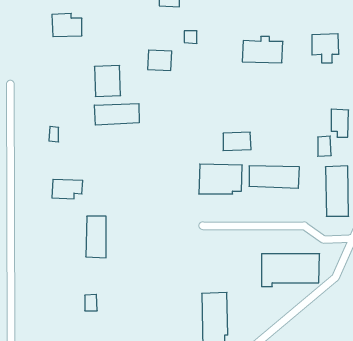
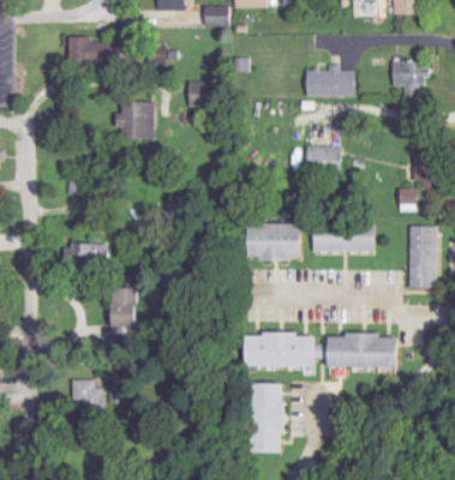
building: [94,104,139,125] -> none
building: [223,132,251,151] -> [306,145,341,168]
building: none -> [247,332,328,365]
building: none -> [73,379,102,412]

